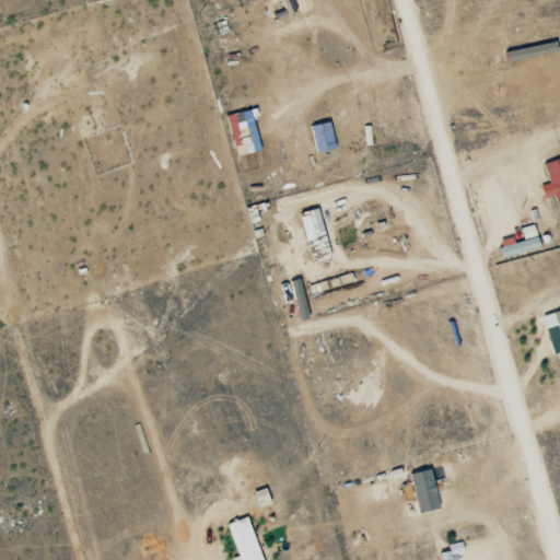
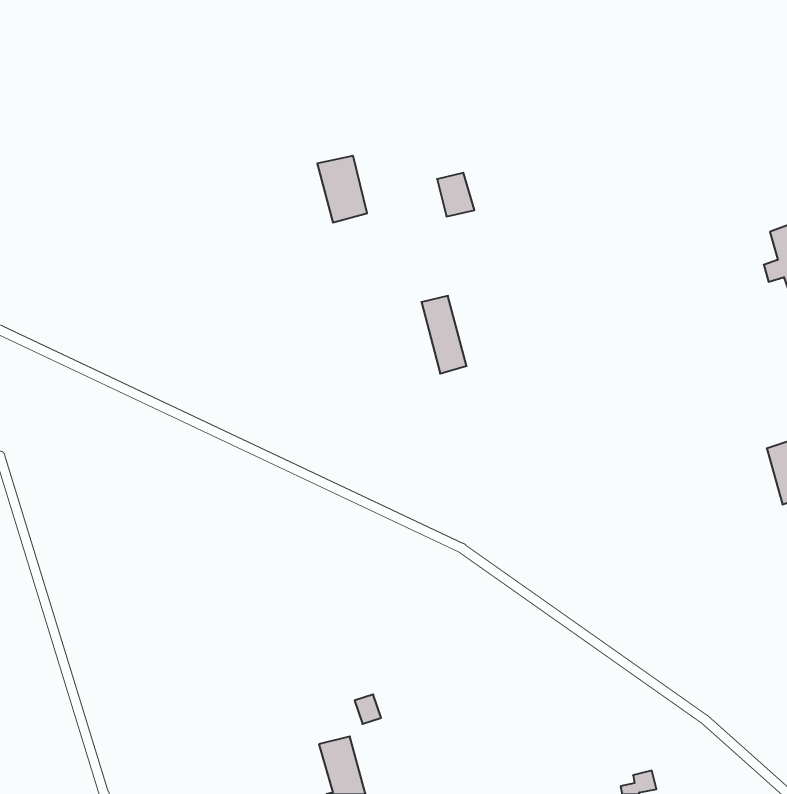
building: [411,469,442,513] -> none

